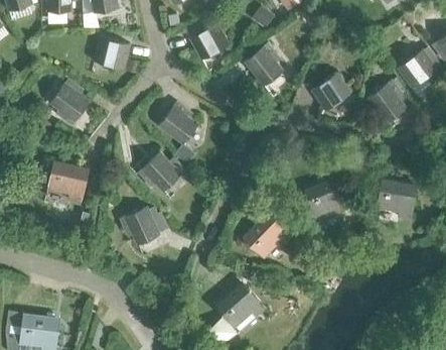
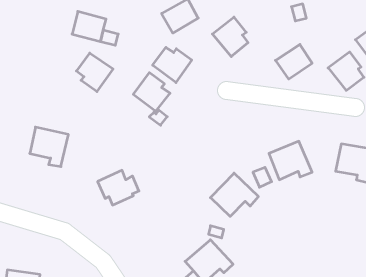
building: none -> [153,47,192,83]
building: [50,85,90,126] -> [76,53,113,92]
building: [139,153,186,192] -> none

